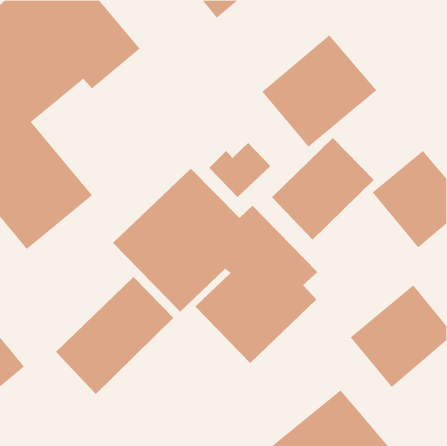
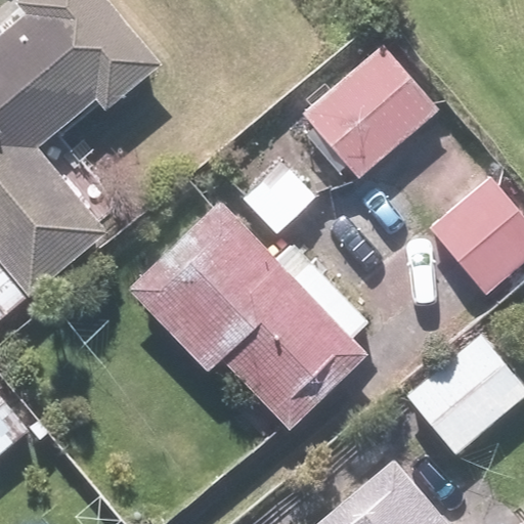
building: [271,137,374,240] -> none
building: [55,276,174,395] -> none

